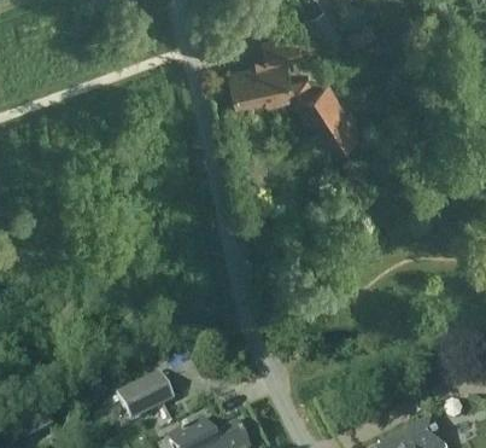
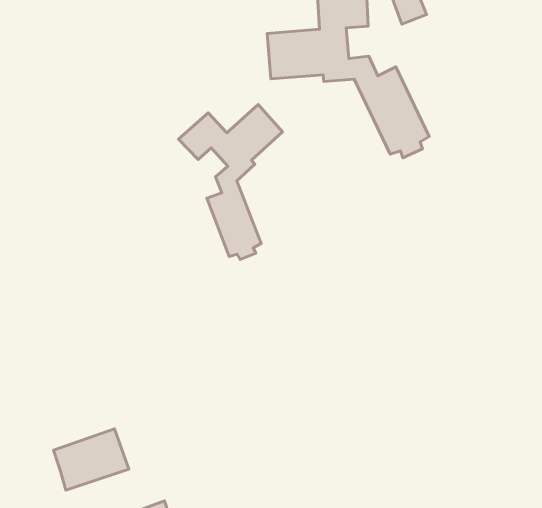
building: none -> [178,105,283,260]

